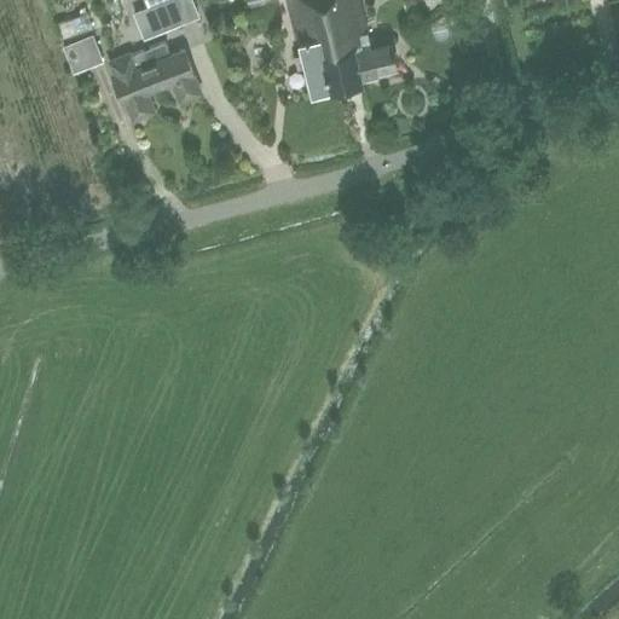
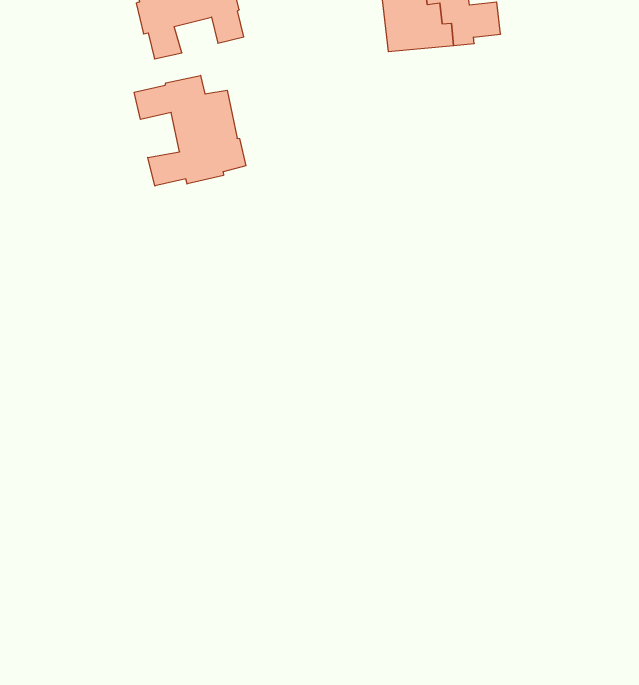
building: none -> [134,75,246,186]

